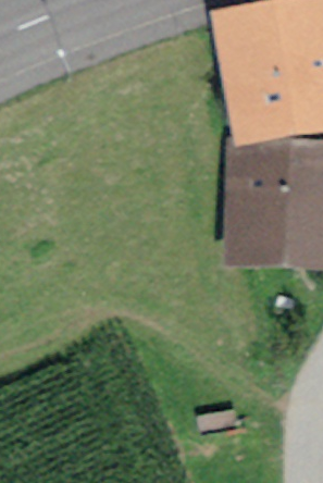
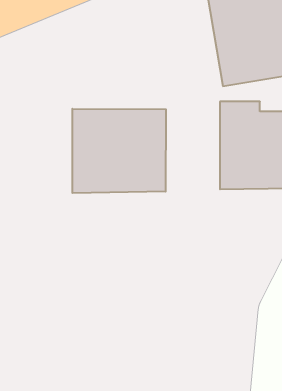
building: none -> [72,109,166,193]

